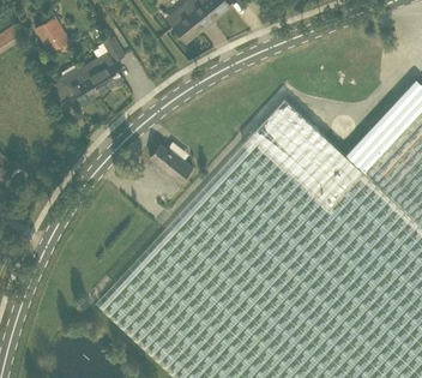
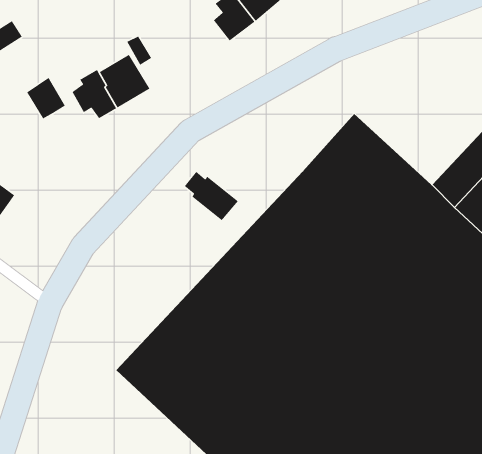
building: [38,19,70,53] -> [26,77,66,119]

